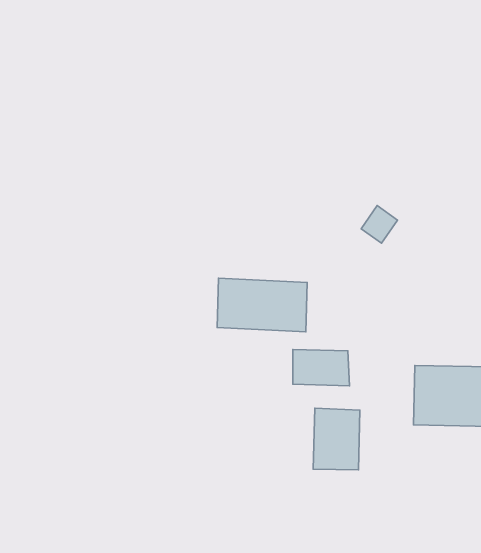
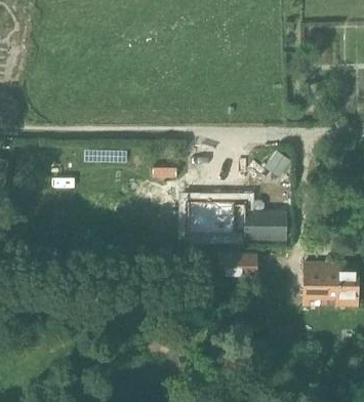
building: none -> [244,210,285,239]
building: [313,408,360,470] -> none

